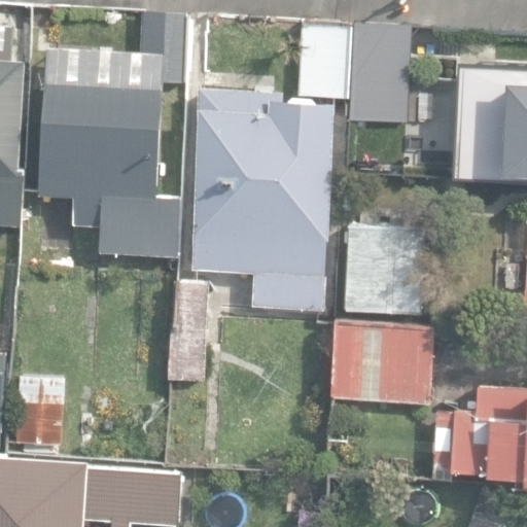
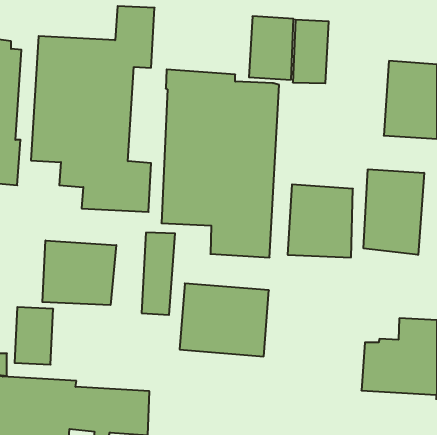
building: none -> [364,169,424,255]
building: none -> [42,240,116,305]
building: [329,320,436,408] -> [180,283,269,356]

